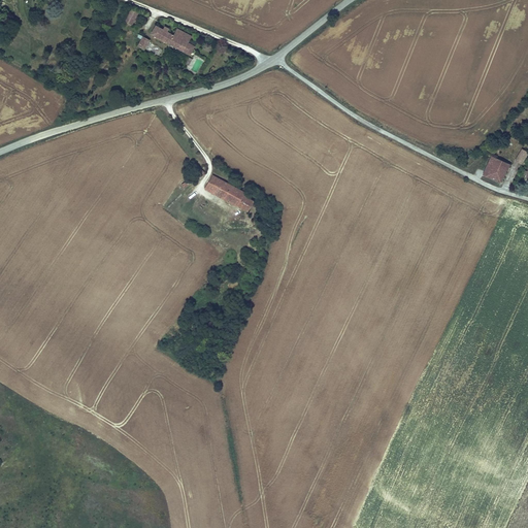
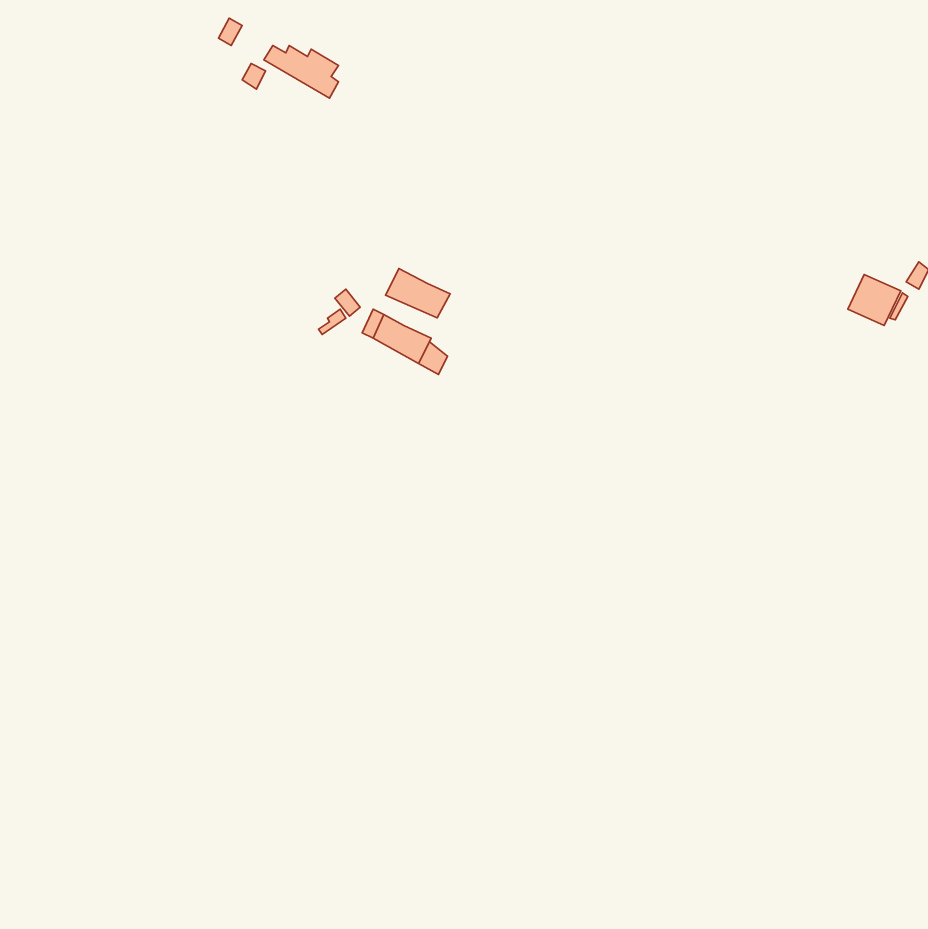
building: none -> [386,268,450,318]

